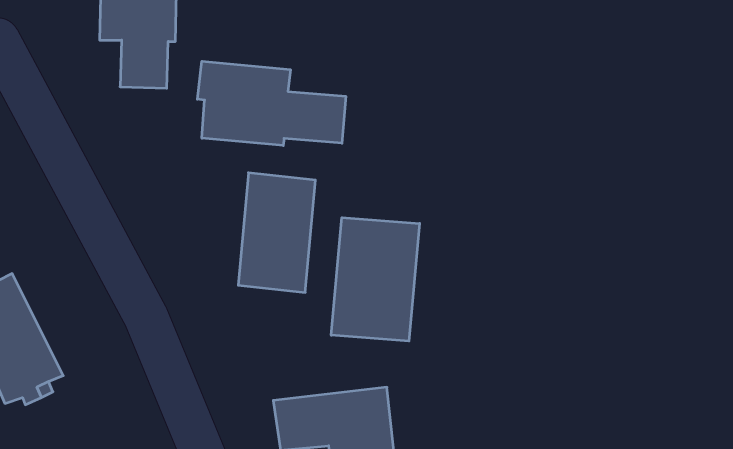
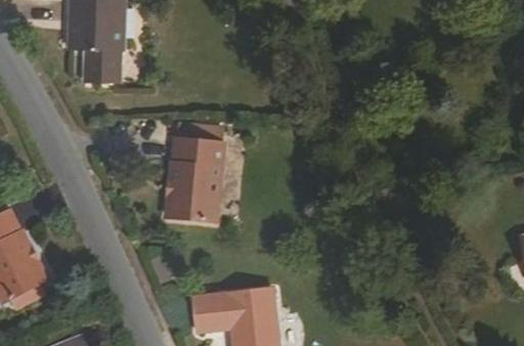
building: [197,61,346,146] -> none
building: [331,218,420,341] -> none

